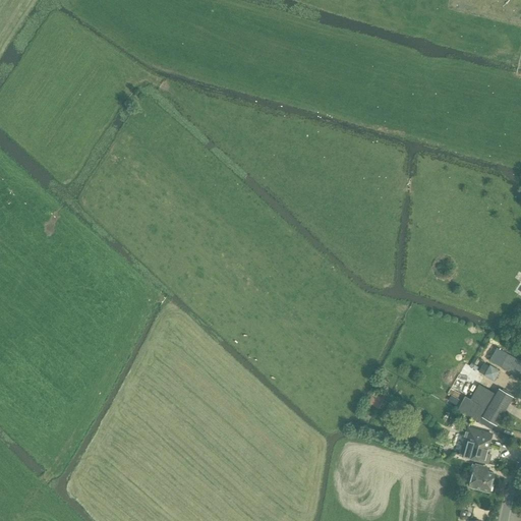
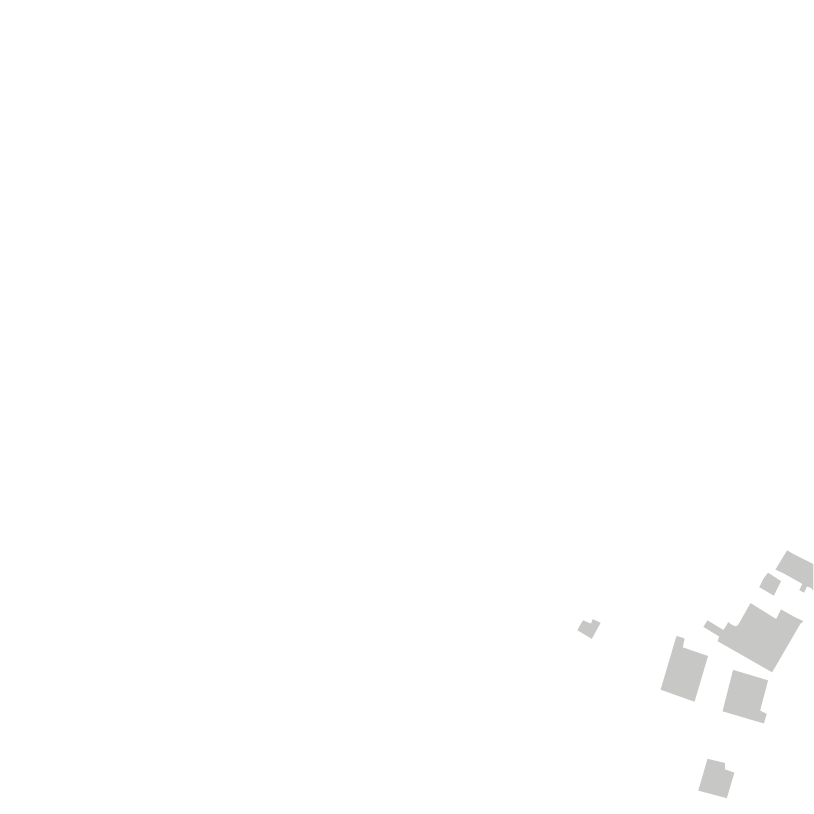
building: none -> [659,635,709,703]
building: [469,464,494,490] -> [697,758,736,799]

